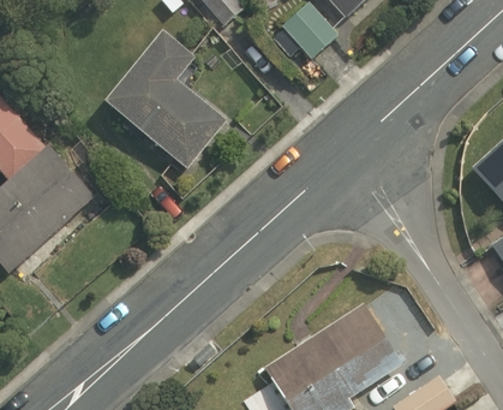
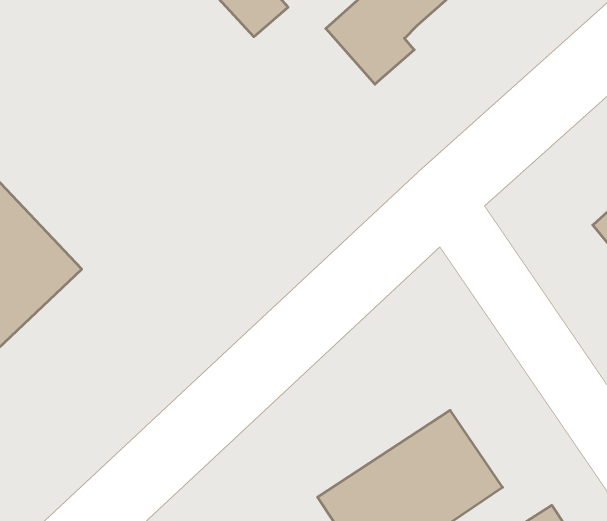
building: [98,34,223,171] -> none

